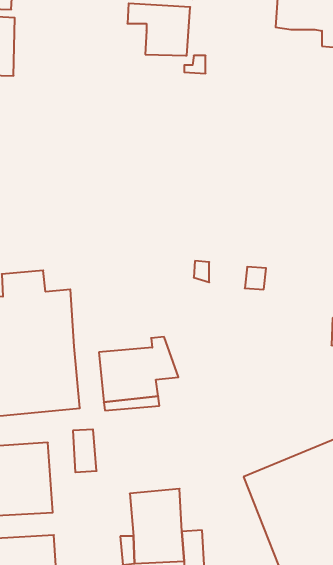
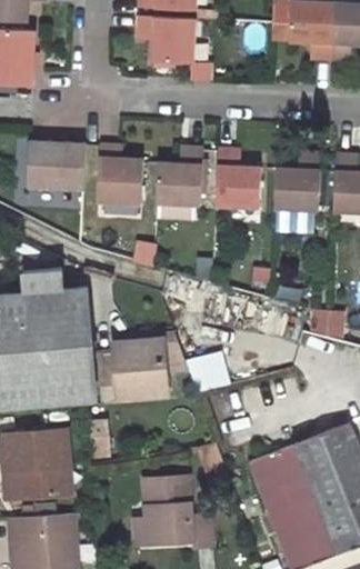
building: none -> [31,142,88,190]
building: none -> [99,146,146,206]
building: none -> [158,148,206,220]
building: none -> [218,148,264,210]
building: none -> [277,152,326,212]
building: none -> [183,347,230,392]

